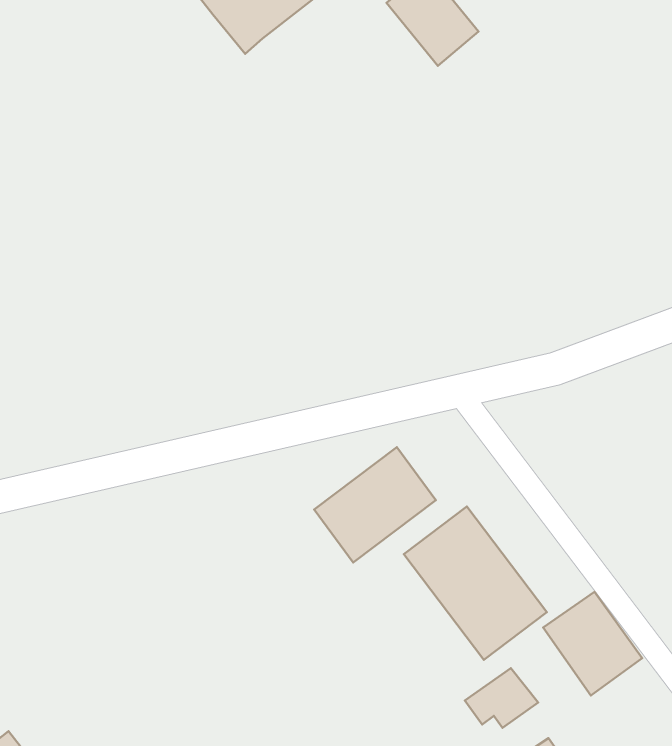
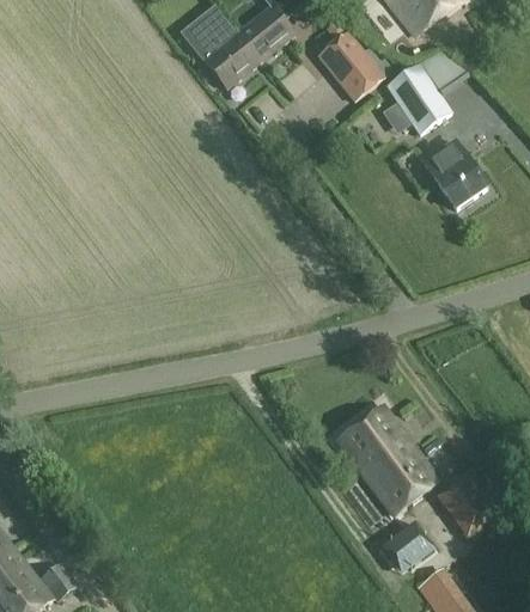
building: none -> [384,63,450,135]
building: none -> [424,142,485,208]
building: [314,447,436,563] -> none

